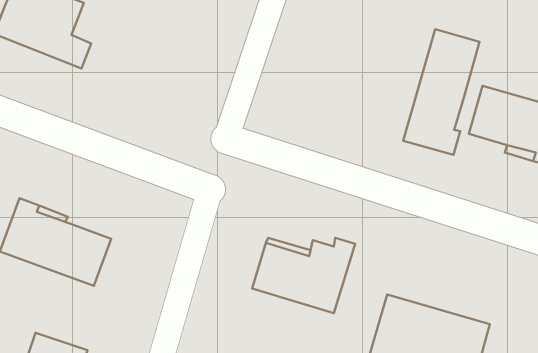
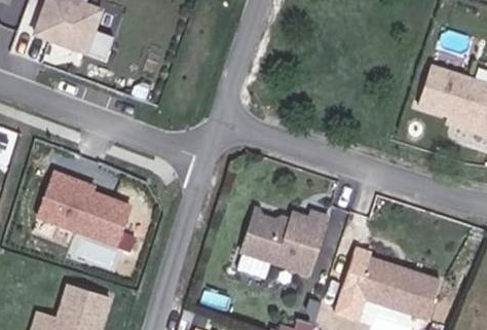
building: [403,29,479,155] -> none

